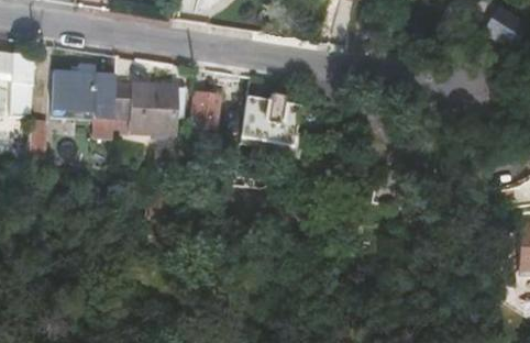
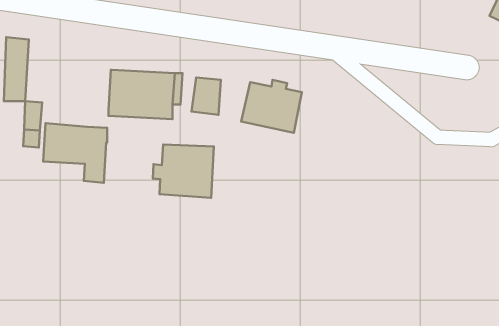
building: [52,70,114,129] -> [43,123,107,183]
building: none -> [153,144,214,198]

